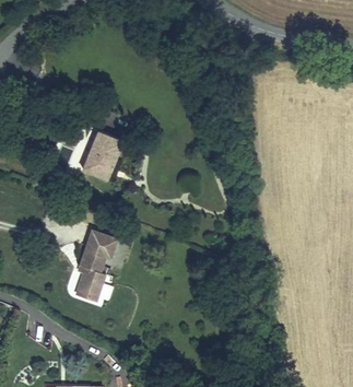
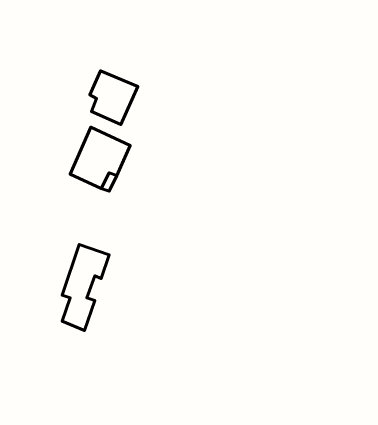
building: none -> [90,71,138,124]

